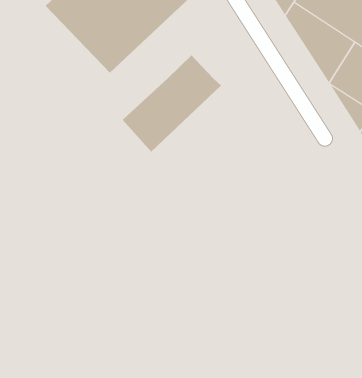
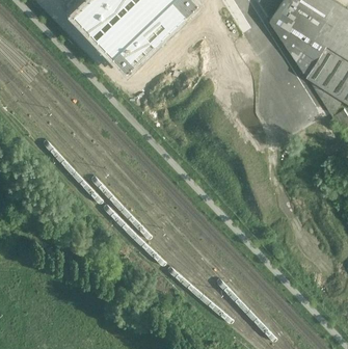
building: [122,55,222,152] -> none

